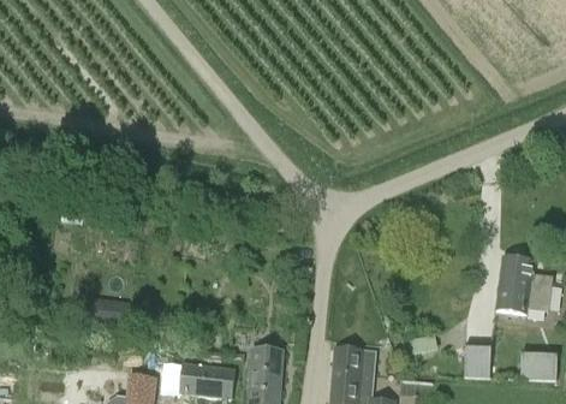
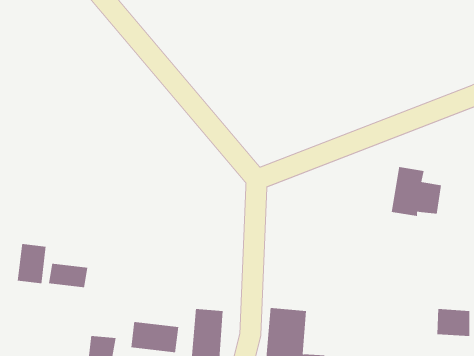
building: [495,257,552,313] -> [391,167,442,216]
building: none -> [17,243,46,284]
building: [463,341,490,376] -> none

